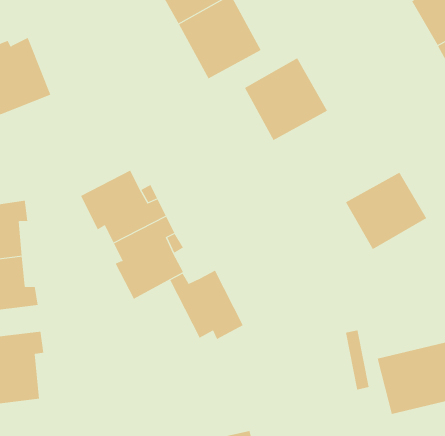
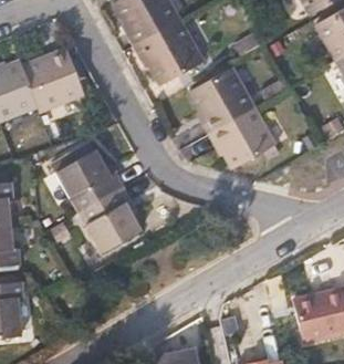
building: none -> [24,42,85,103]
building: [345,172,427,250] -> [210,110,273,169]
building: [169,270,244,340] -> none

